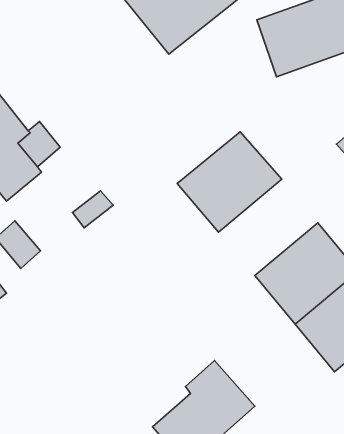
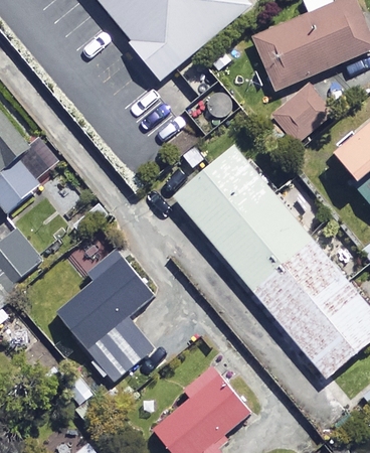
building: none -> [272,89,330,144]
building: none -> [214,191,311,285]
building: none -> [56,248,157,382]

